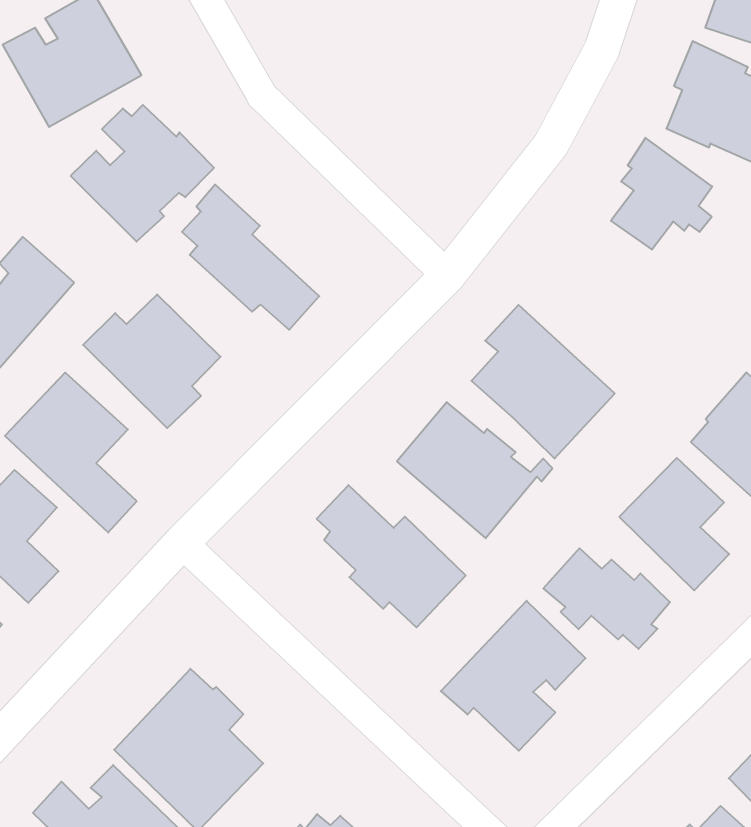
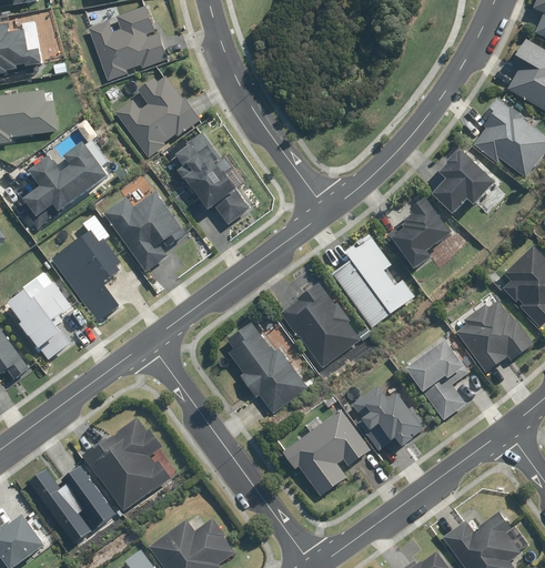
building: none -> [386,195,452,268]

